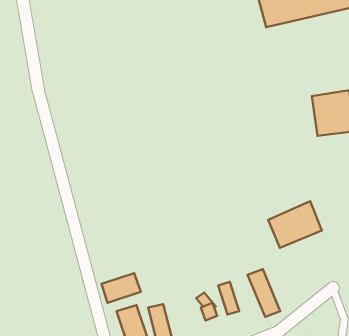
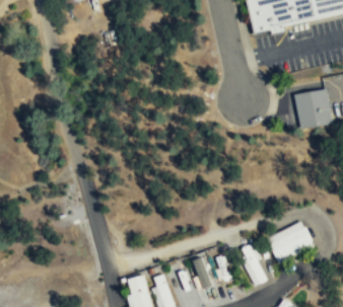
building: [268,201,322,248] -> [267,220,314,260]
building: [102,273,141,303] -> none

